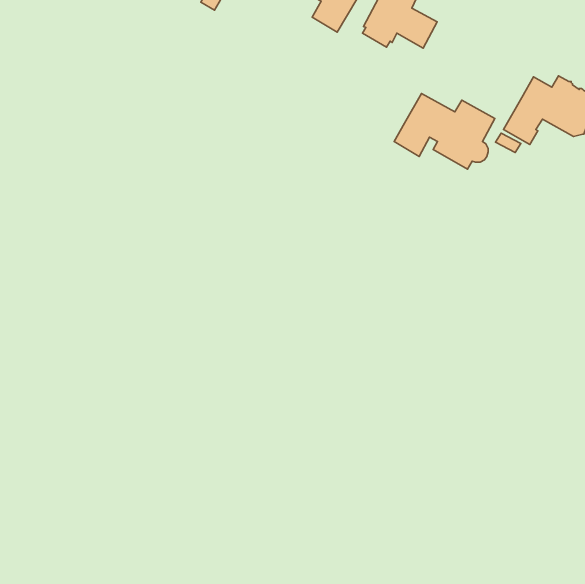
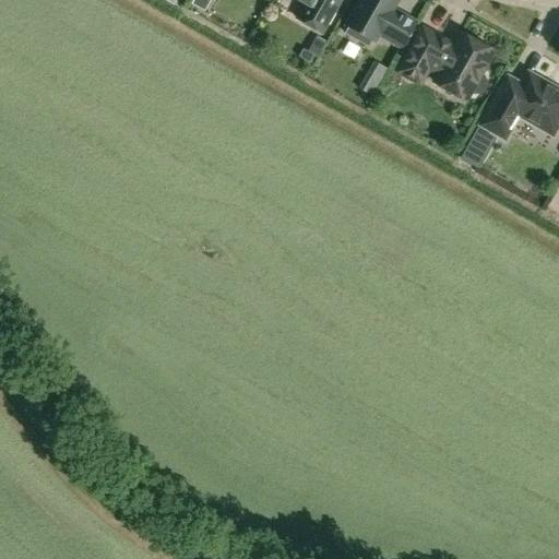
building: [394,93,495,169] -> [397,26,493,98]

